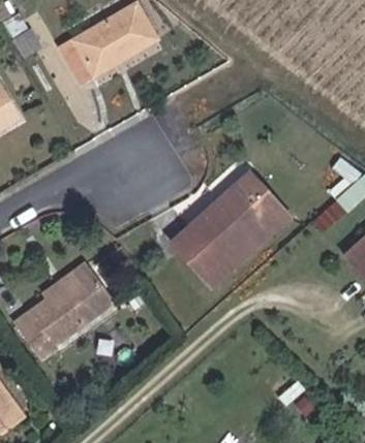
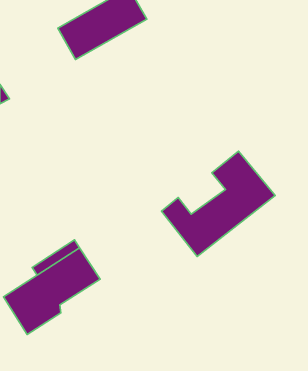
building: [191,195,241,239] -> none

